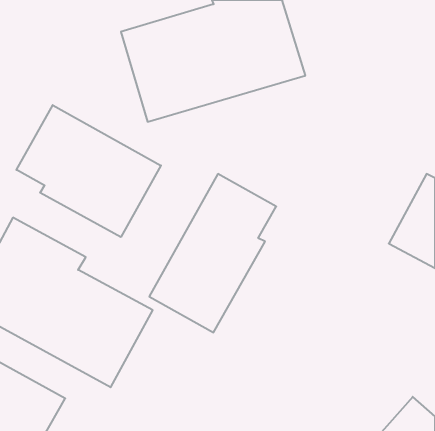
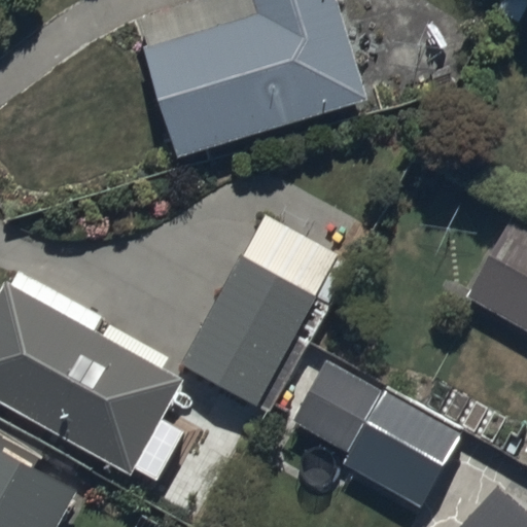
building: [16,105,161,237] -> none
building: none -> [289,359,465,512]

